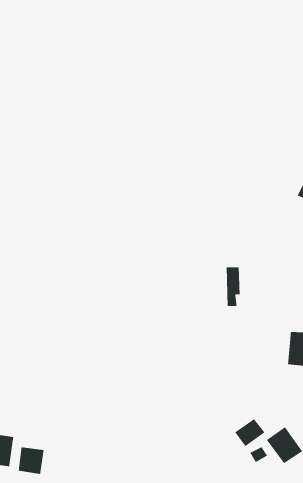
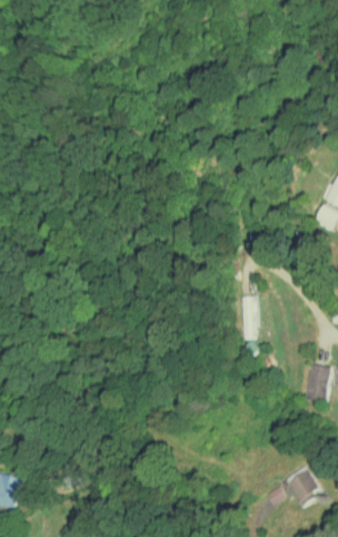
building: [234,418,265,447] -> none
building: [18,446,44,475] -> none

